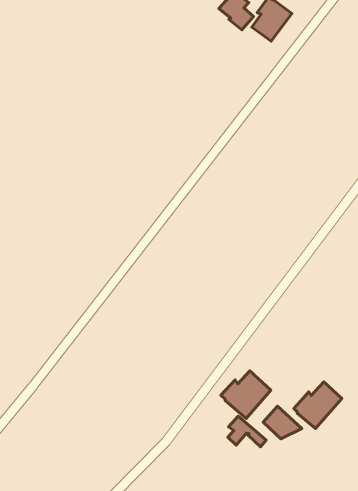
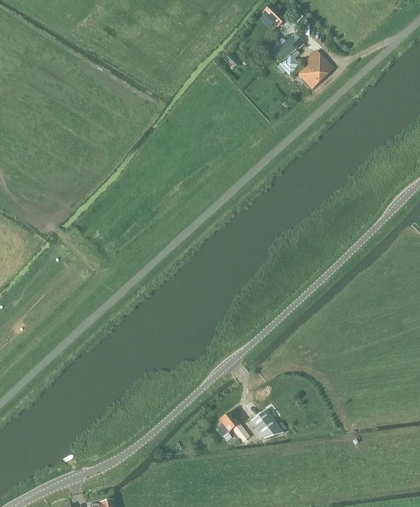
building: [221,371,271,419] -> none
building: [294,382,342,428] -> none

